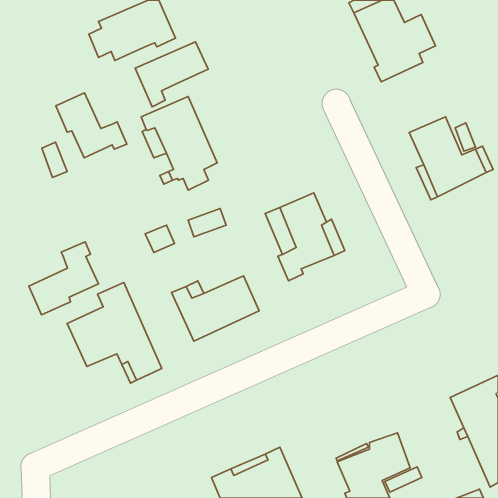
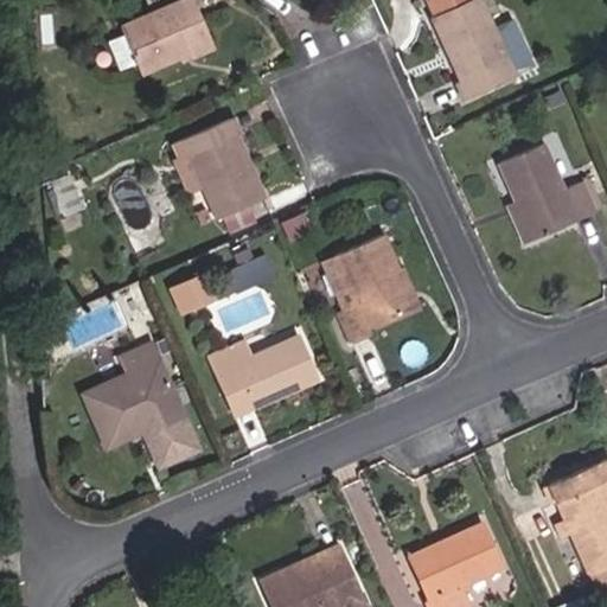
building: [135,42,208,107] -> none
building: [56,93,127,158] -> none
building: [29,242,99,315] -> none

